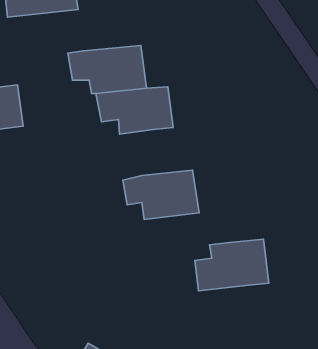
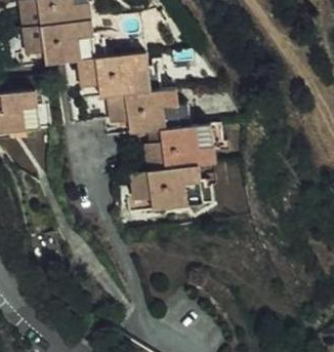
building: none -> [25,23,94,66]
building: [195,239,269,291] -> [144,127,212,174]

